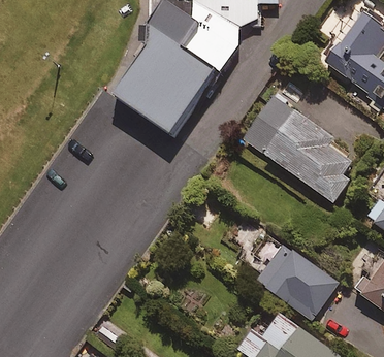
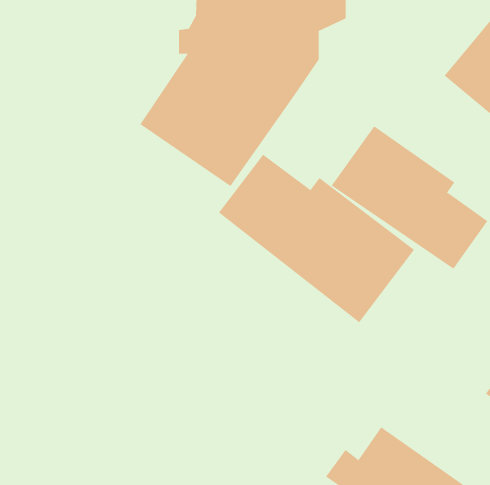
building: none -> [218,154,415,323]
building: [256,244,341,323] -> none

